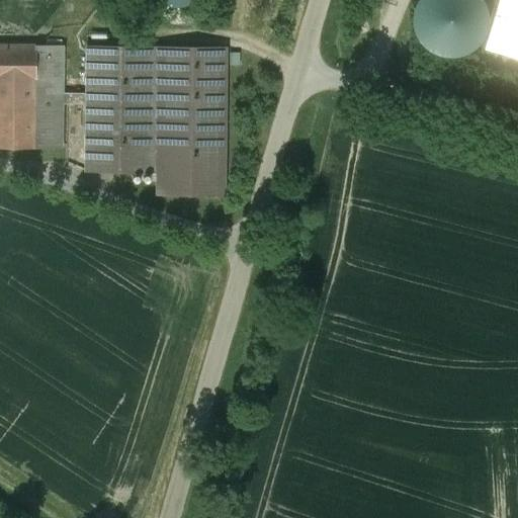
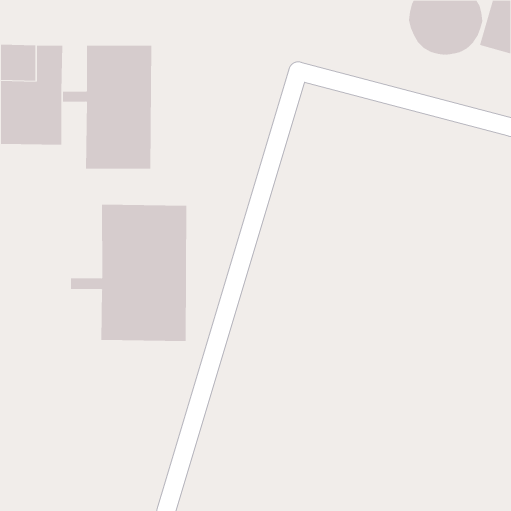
building: [158,46,226,194] -> none
building: none -> [70,204,187,342]

